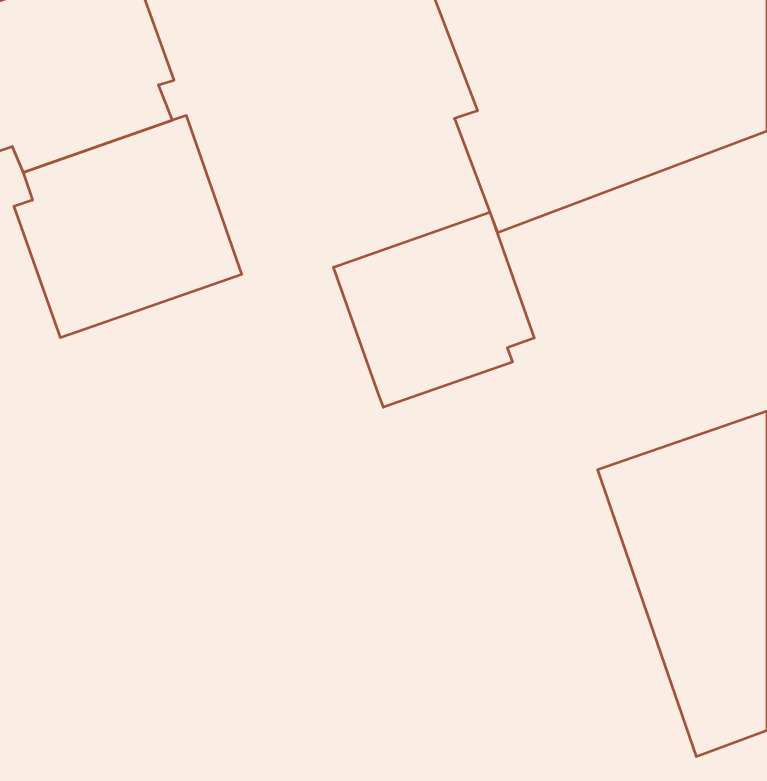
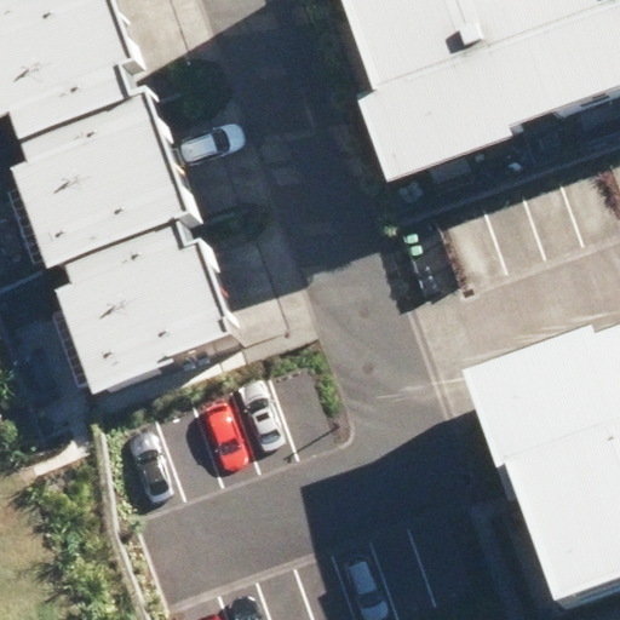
building: [334,212,534,407] -> none
building: none -> [54,216,234,390]

